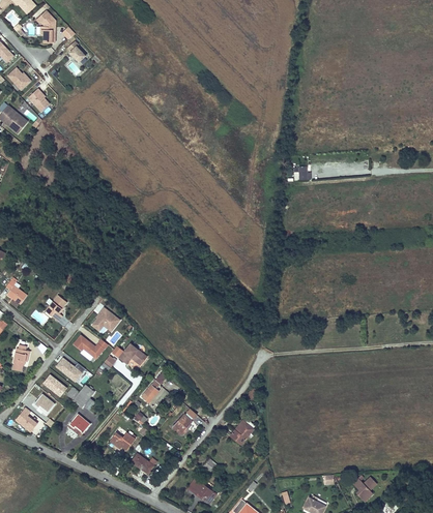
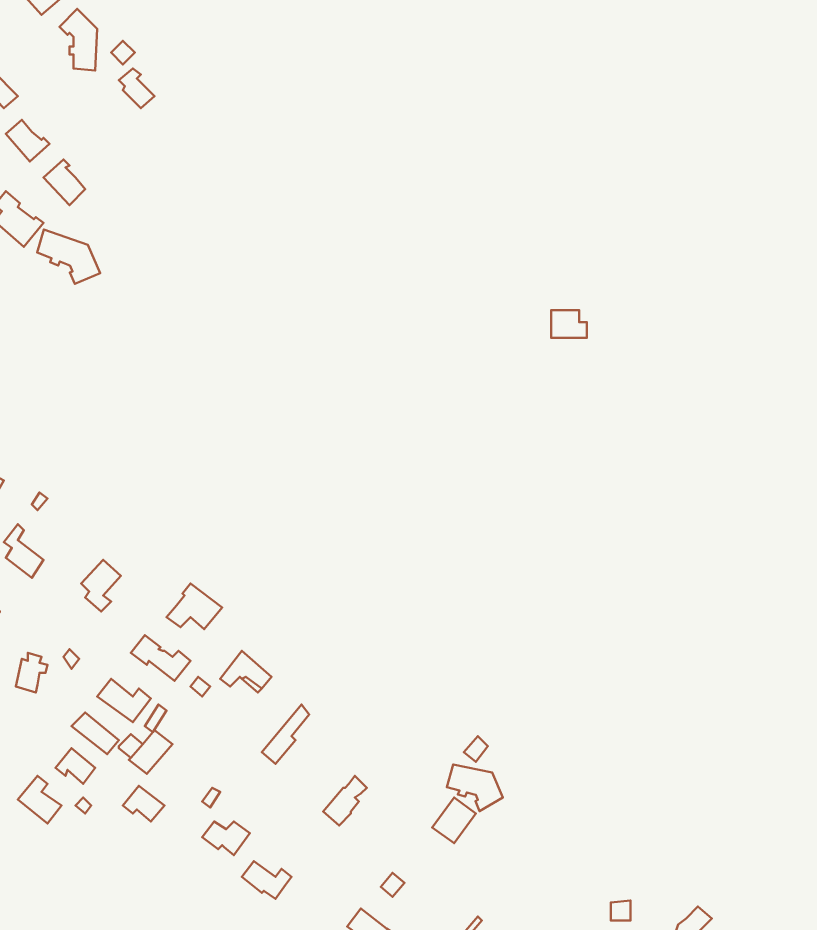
building: none -> [37,229,100,284]
building: none -> [447,765,503,811]

